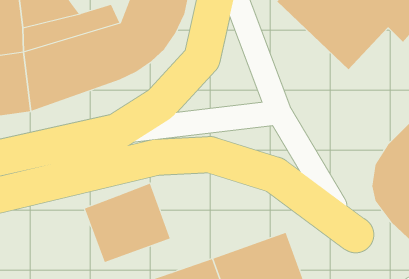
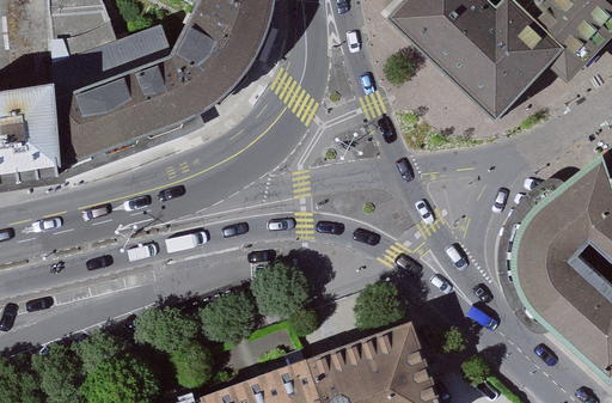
building: [84,183,171,263] -> none

